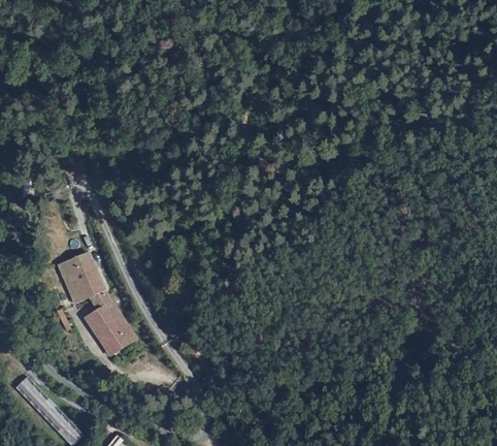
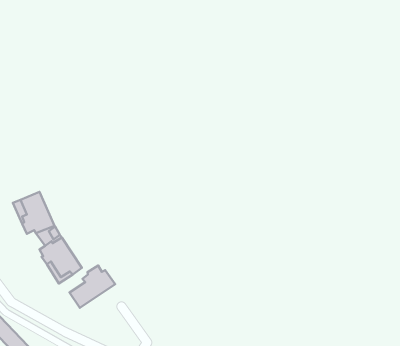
building: none -> [70,265,115,308]

